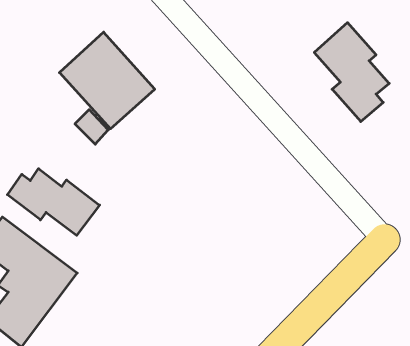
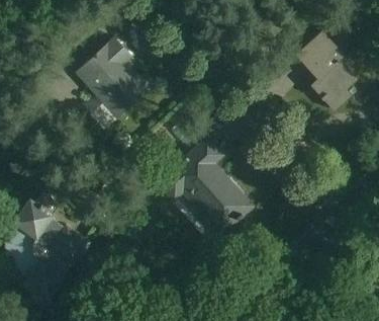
building: none -> [157,137,264,238]
building: [7,169,100,235] -> none

